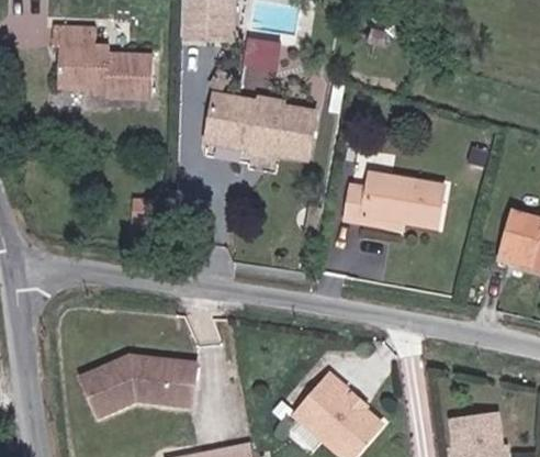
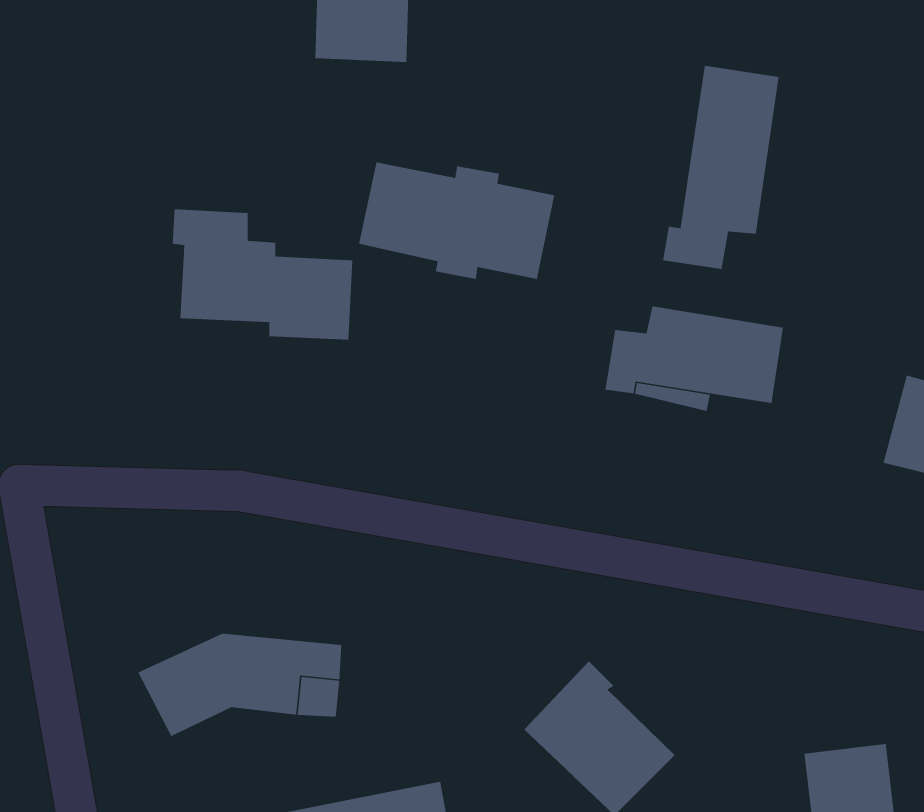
building: [50,27,151,101] -> [172,209,353,341]
building: [245,34,282,76] -> none
building: none -> [662,65,780,270]

